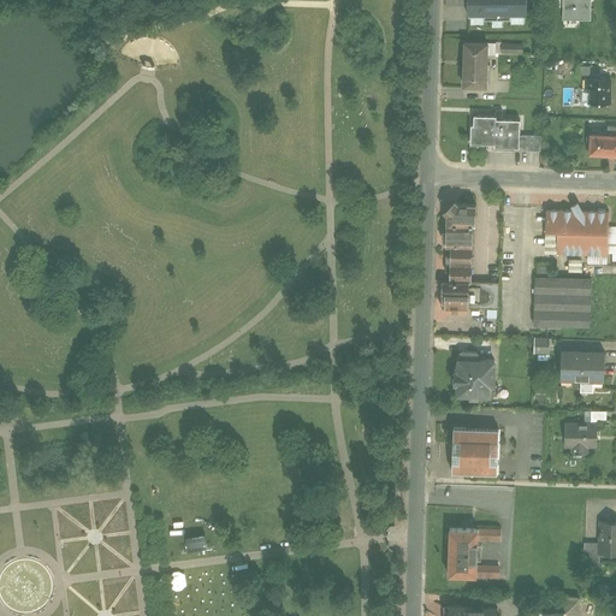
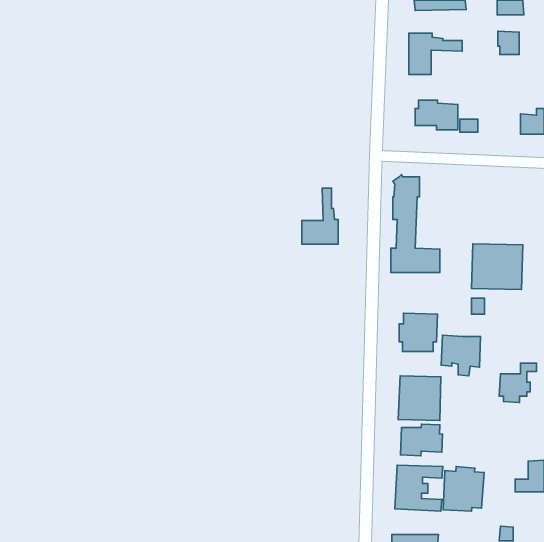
building: [585,79,609,106] -> [498,31,519,55]
building: [545,202,609,259] -> none
building: none -> [302,188,338,244]
building: [559,350,604,396] -> [441,335,481,376]
building: none -> [400,424,443,456]
building: none -> [443,467,484,511]

